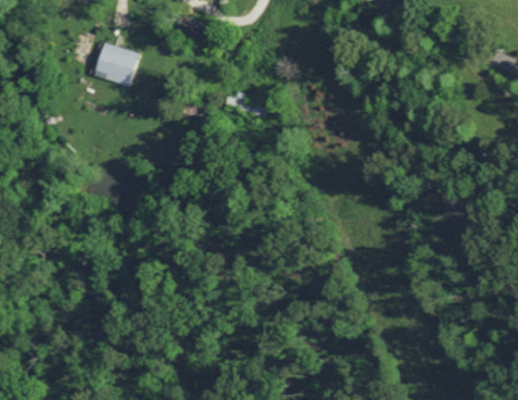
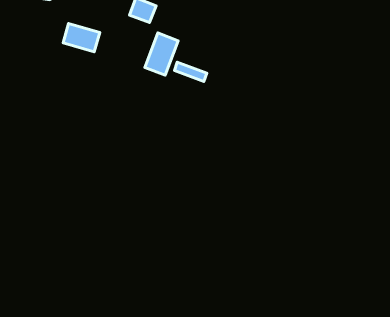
building: none -> [145,33,178,75]

